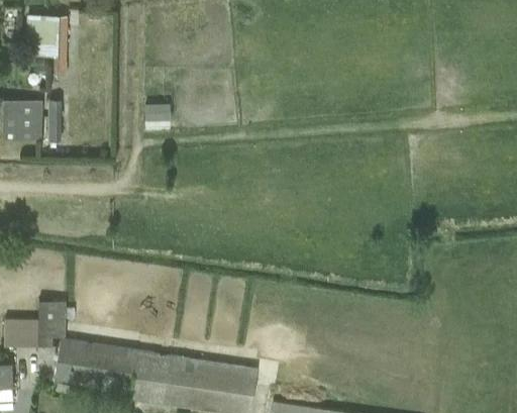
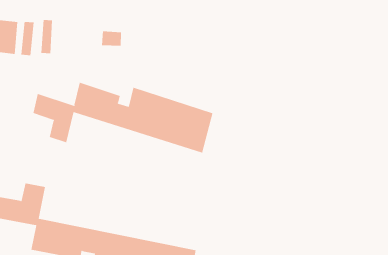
building: none -> [33,82,213,153]

